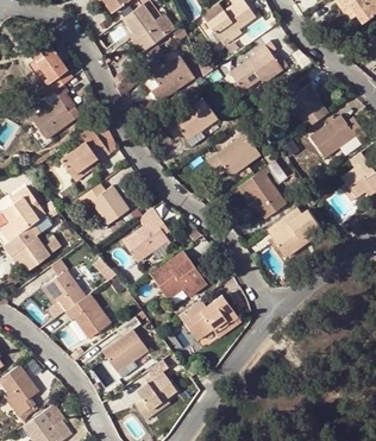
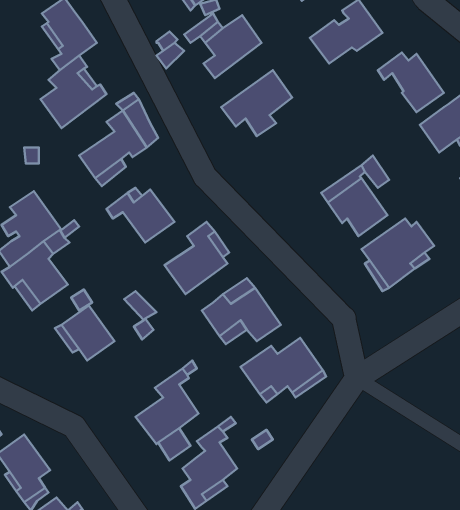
building: [208,133,261,175] -> none
building: [65,294,111,338] -> none

